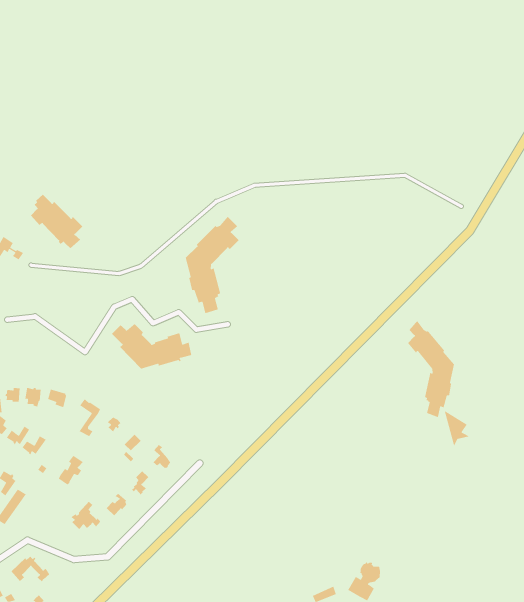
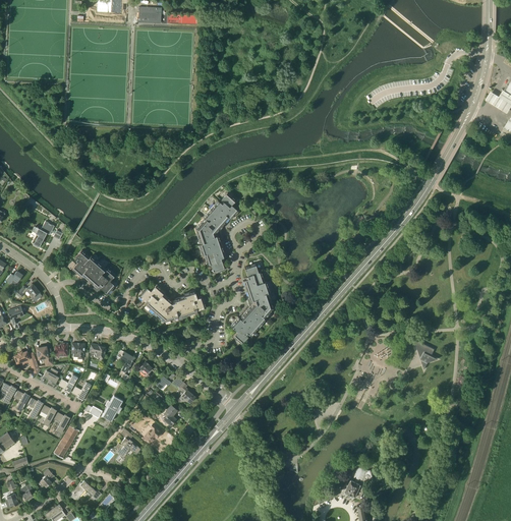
building: [30,194,83,249] -> [71,250,115,294]
building: none -> [229,264,273,344]
building: [407,320,455,418] -> none

